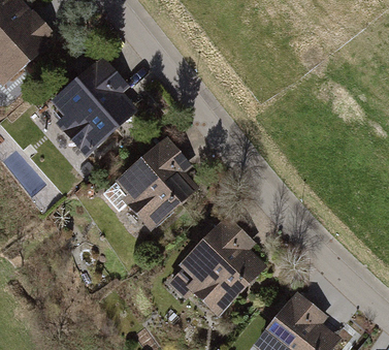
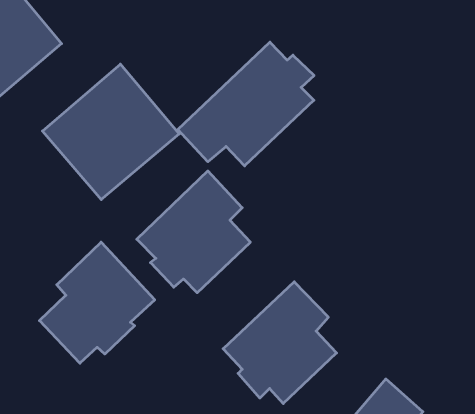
building: none -> [178,42,314,166]
building: none -> [39,242,155,363]

